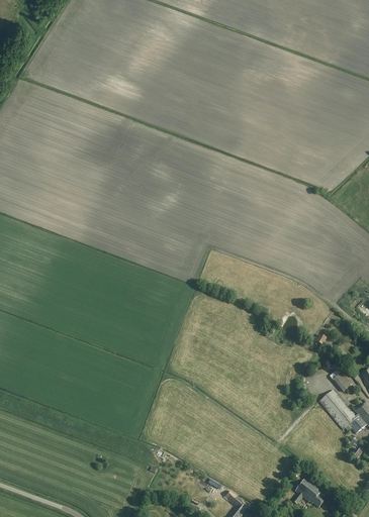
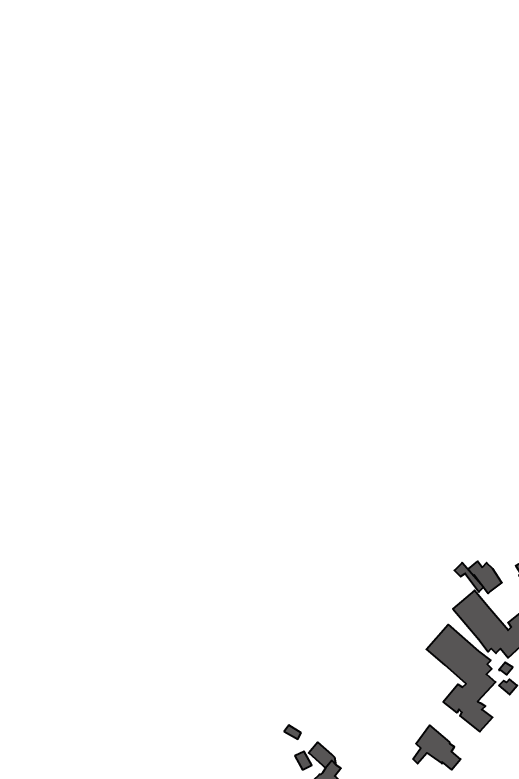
building: none -> [426,625,496,732]

